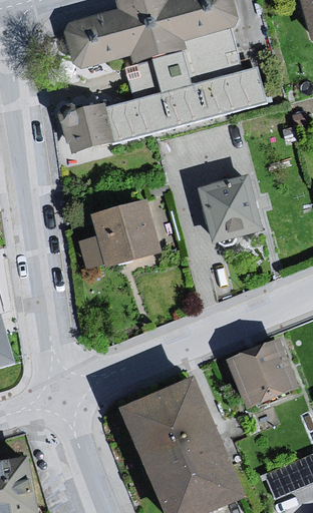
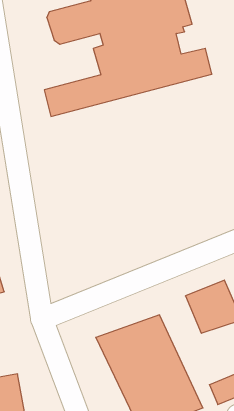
building: [198,174,260,240] -> none
building: [78,198,159,267] -> none

